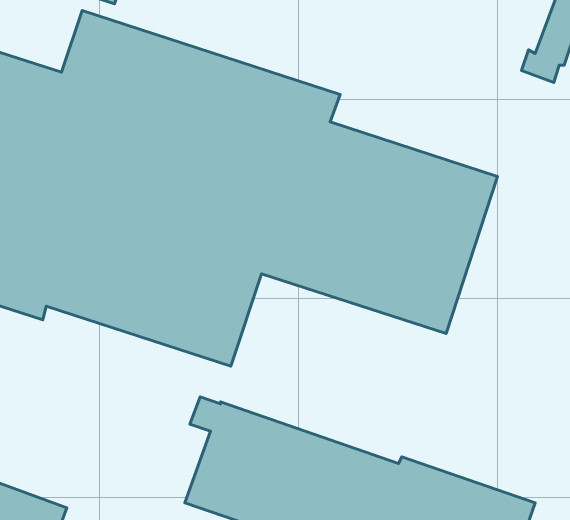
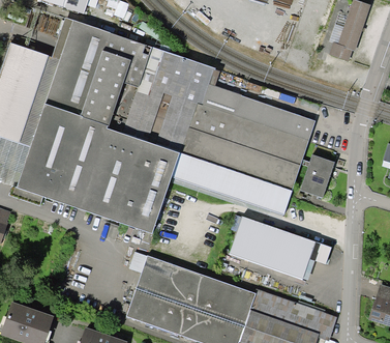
building: none -> [300,153,335,198]
building: none -> [229,216,331,290]

